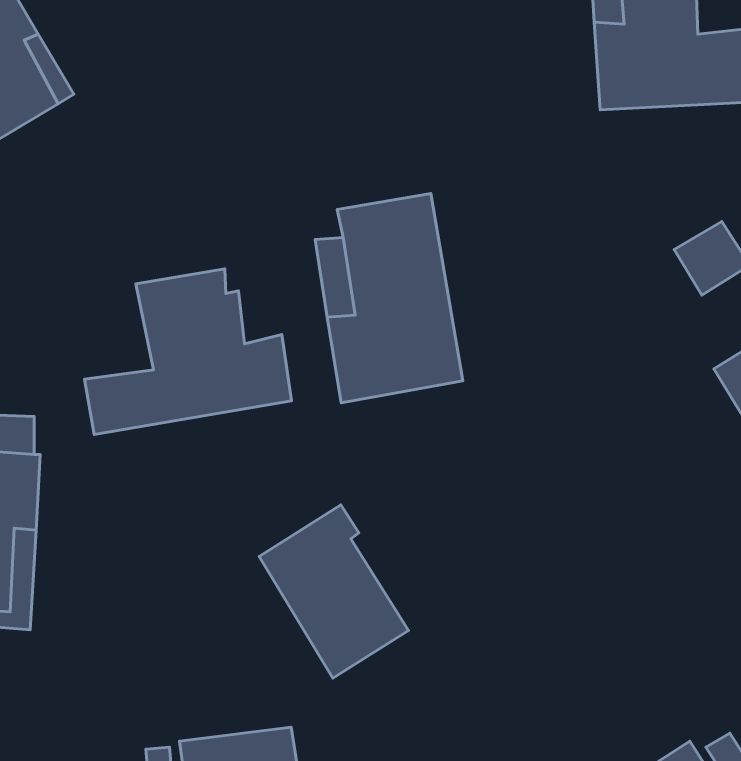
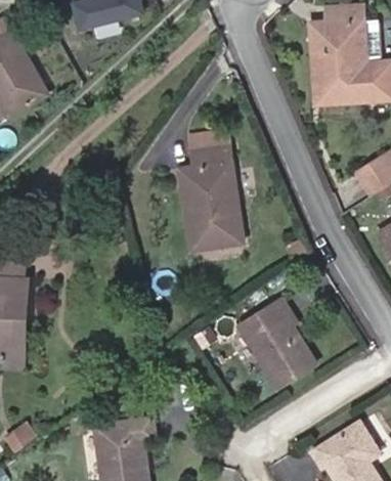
building: [85,269,292,435] -> none
building: [259,505,409,678] -> [242,300,318,389]

